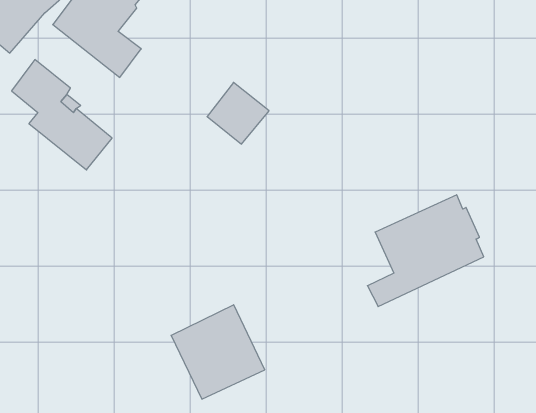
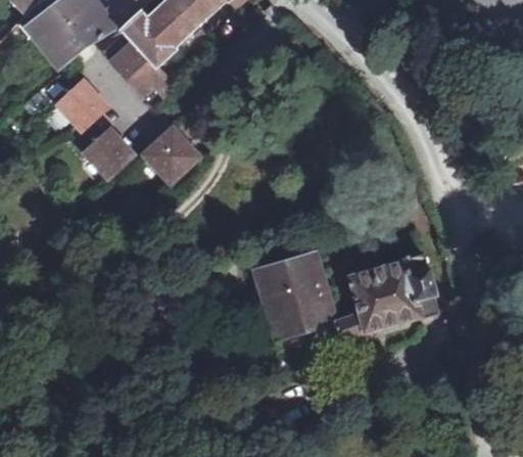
building: [207,82,269,144] -> [144,127,198,181]
building: [171,305,265,399] -> [257,257,333,333]

